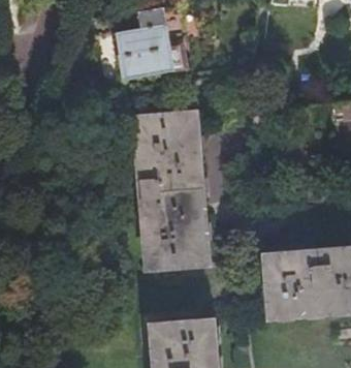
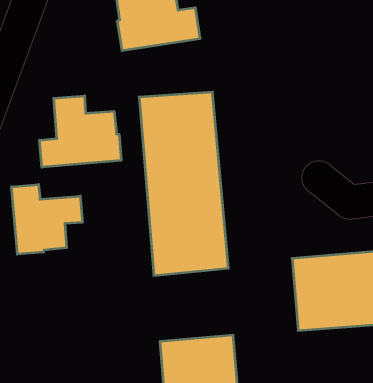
building: none -> [40,96,121,167]
building: none -> [12,184,82,254]

